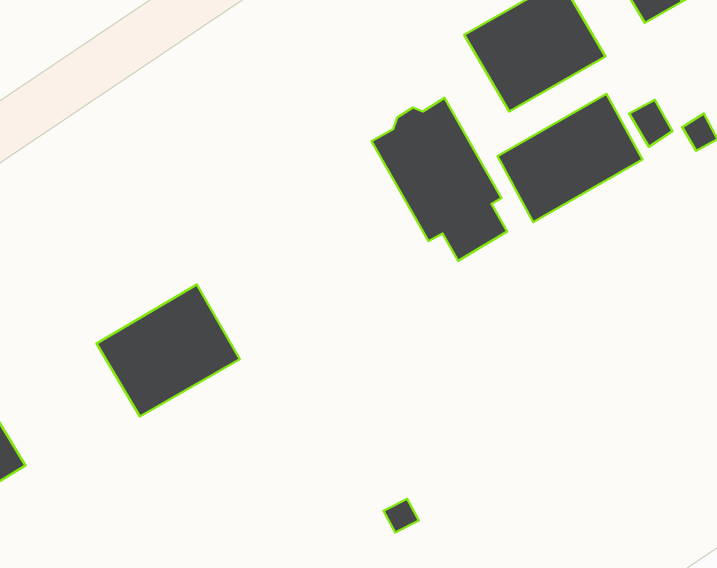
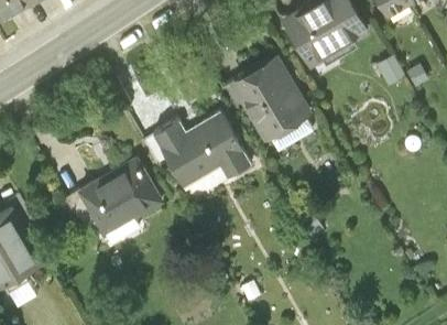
building: [497,94,643,222] -> none
building: none -> [153,113,250,187]

